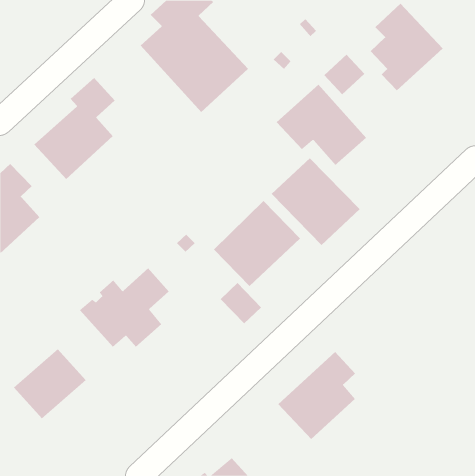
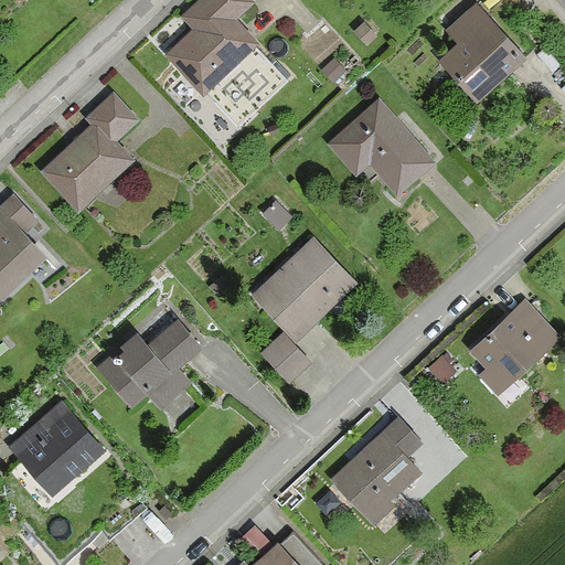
building: [324,54,365,95] -> none
building: [271,157,360,246] -> none
building: none -> [471,301,558,386]

